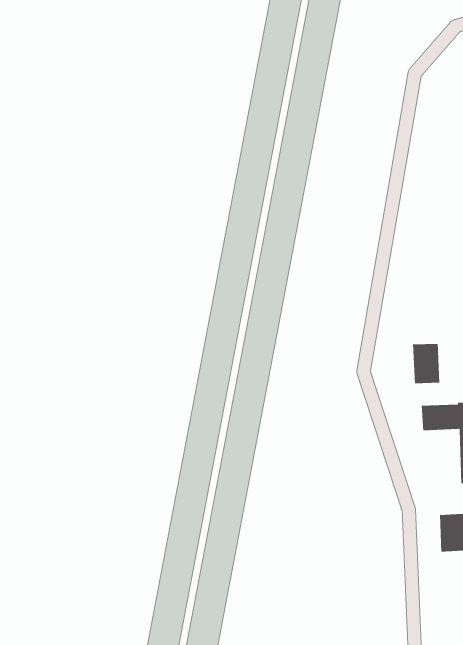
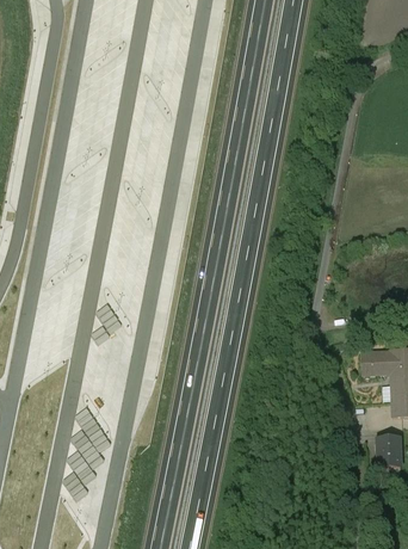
building: [412,343,440,384] -> none

